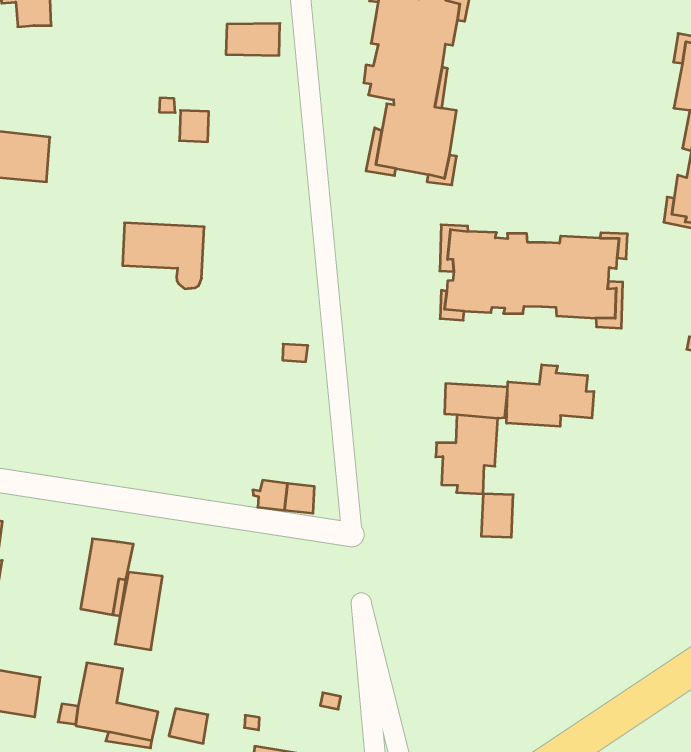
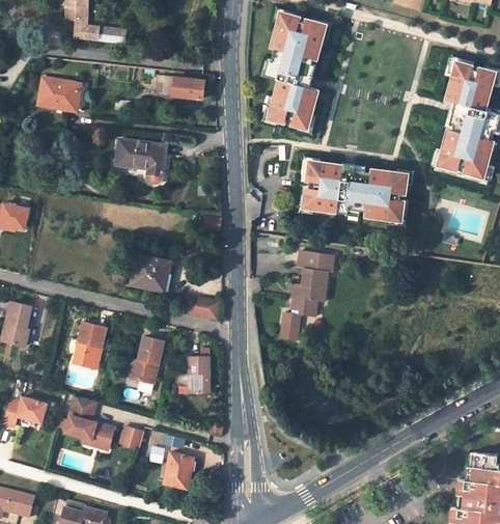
building: [226,23,280,55] -> [171,78,204,99]
building: none -> [74,19,126,39]
building: [507,365,594,426] -> none
building: none -> [130,255,170,291]
building: [481,494,513,537] -> [279,312,300,339]
building: none -> [179,350,209,393]
building: [115,572,162,650] -> [132,336,163,383]

